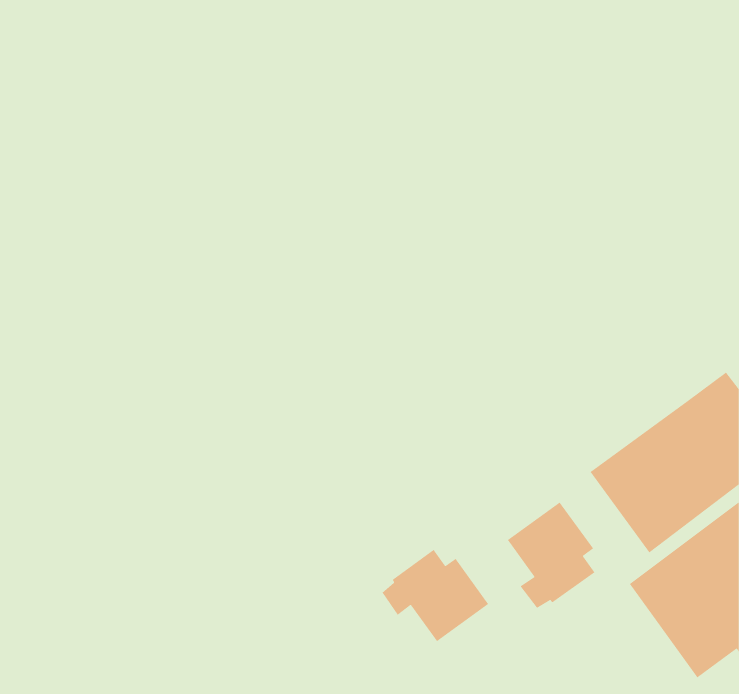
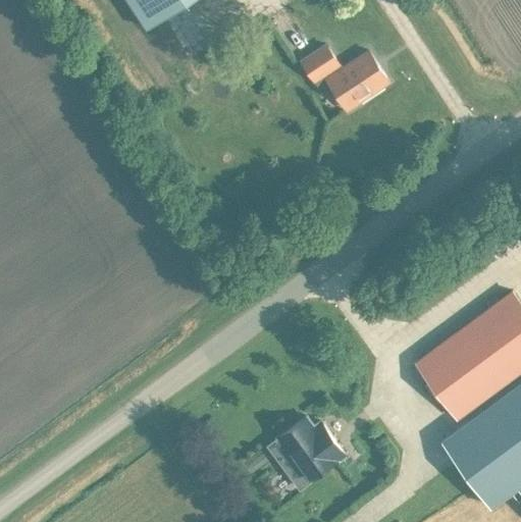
building: none -> [301,47,388,112]
building: [507,501,596,609] -> none

